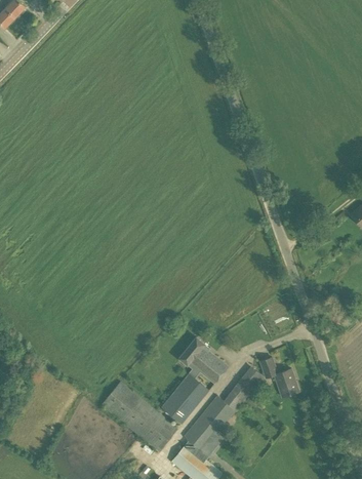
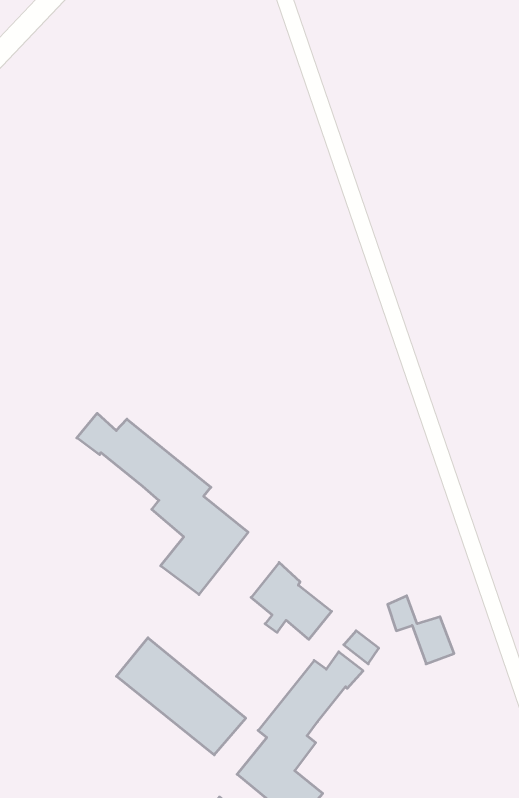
building: none -> [77,413,248,595]
building: [160,374,208,425] -> none

